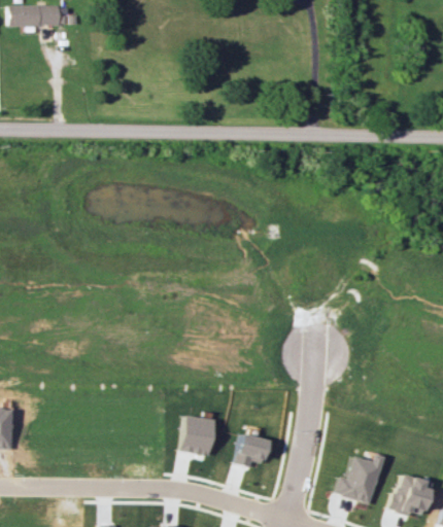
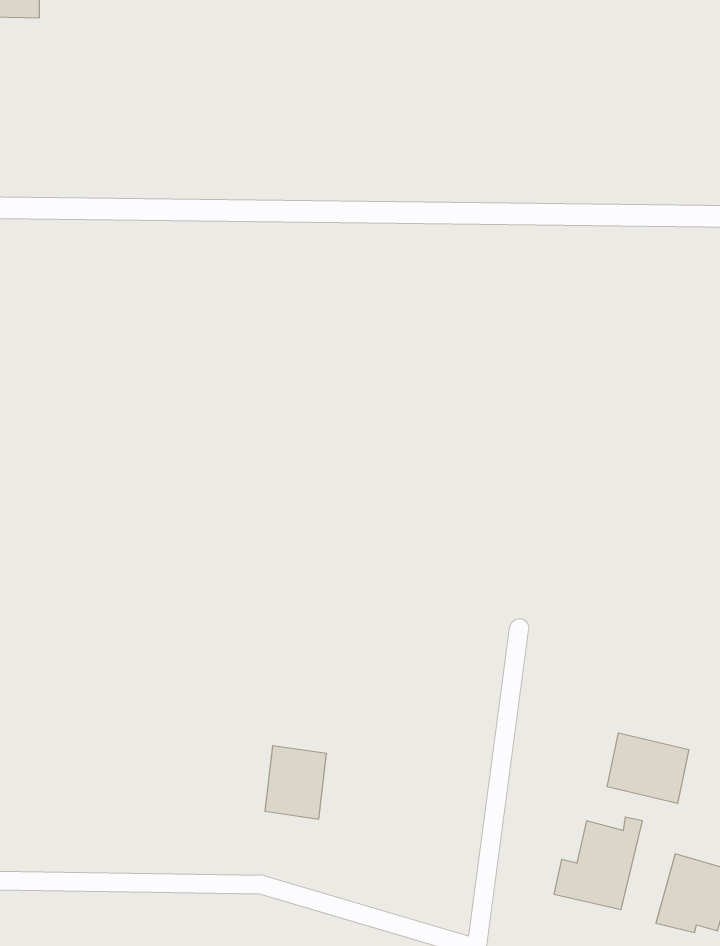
building: none -> [607,733,689,804]
building: [236,432,270,466] -> none

